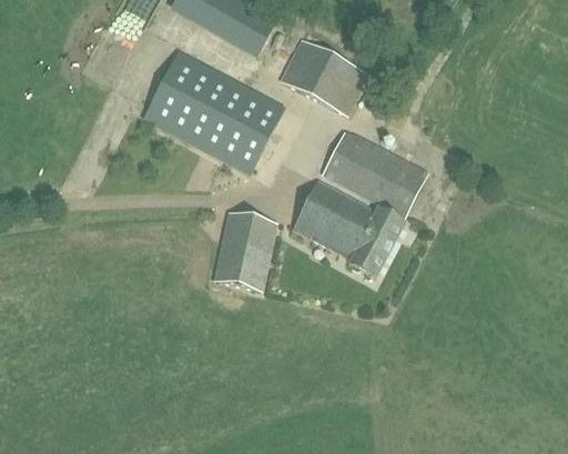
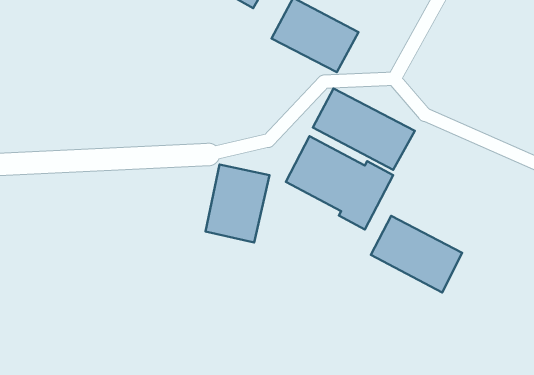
building: [142,49,286,174] -> none
building: none -> [371,216,462,293]

